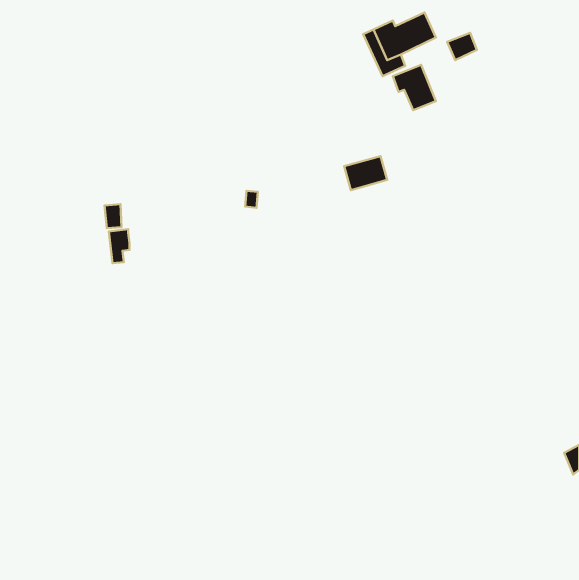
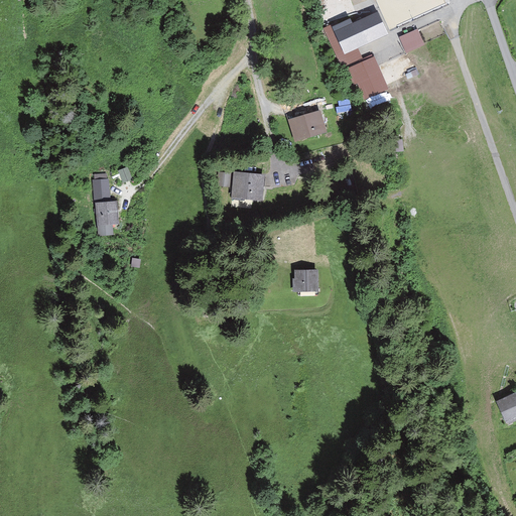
building: [344,156,387,190] -> [287,110,326,140]
building: none -> [233,173,263,199]
building: none -> [295,269,318,292]

